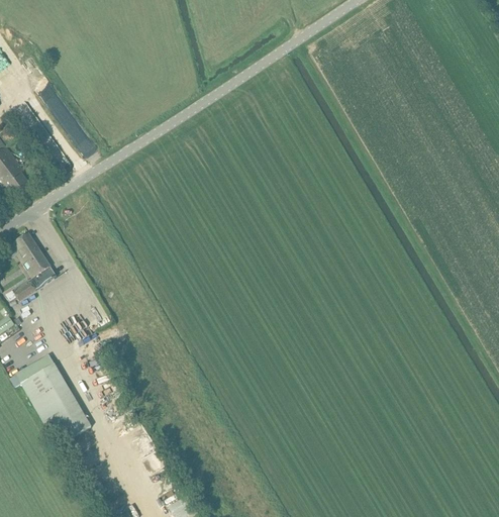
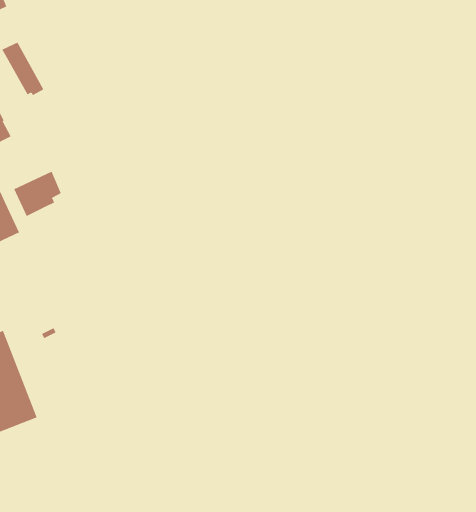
building: none -> [13,171,62,217]

